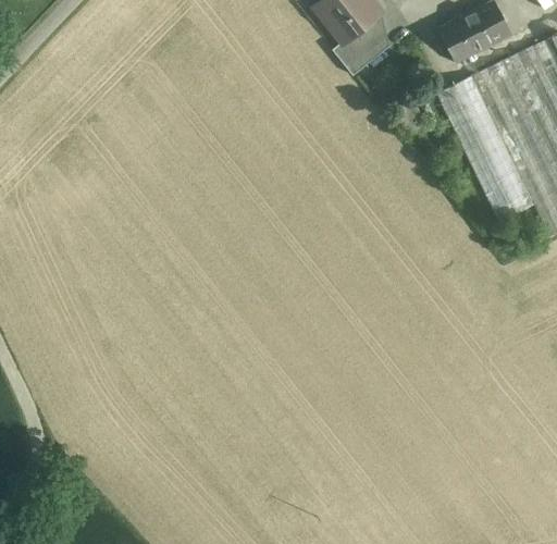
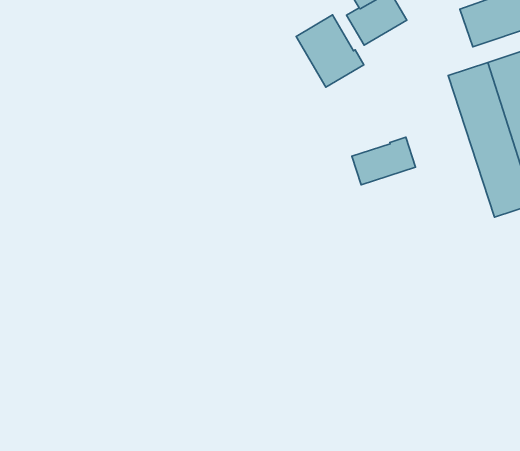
building: none -> [296,15,364,87]
building: none -> [352,137,416,185]

